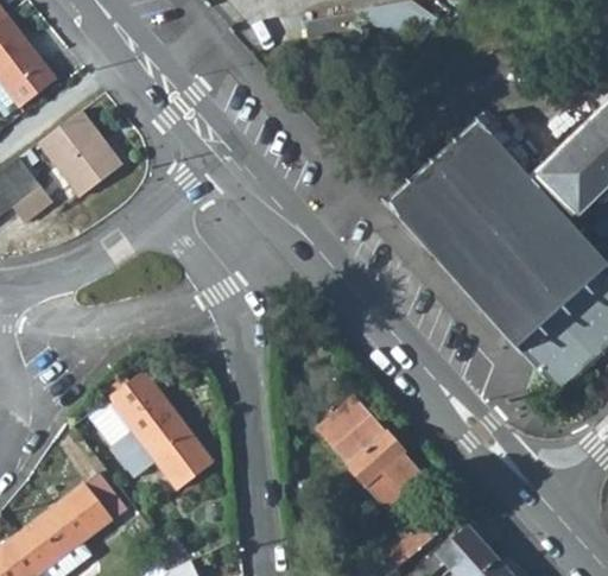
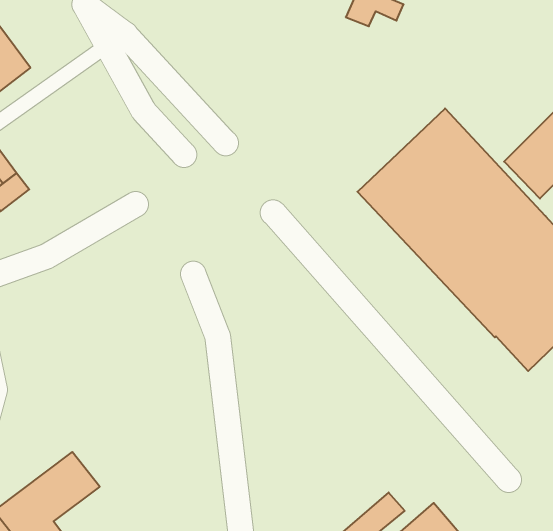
building: [39,108,122,195] -> none
building: [86,372,213,489] -> none
building: [314,395,420,508] -> none

